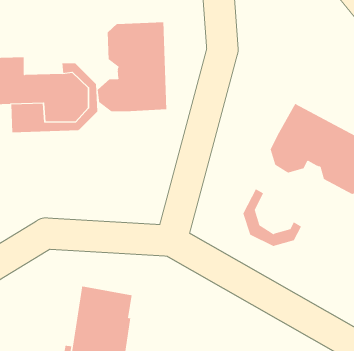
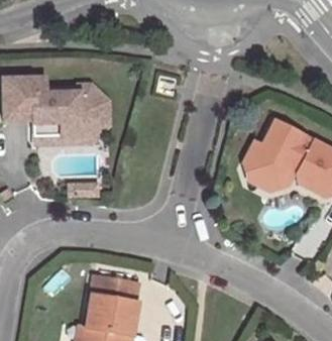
building: [97,22,167,112] -> none
building: [242,188,302,247] -> [243,140,294,190]

